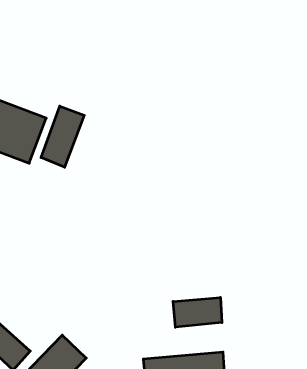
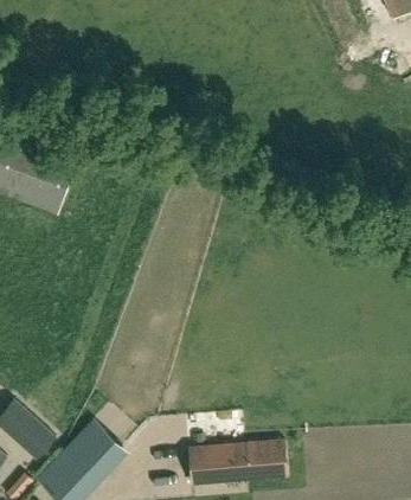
building: [41,106,84,167] -> none
building: [173,297,222,327] -> none

